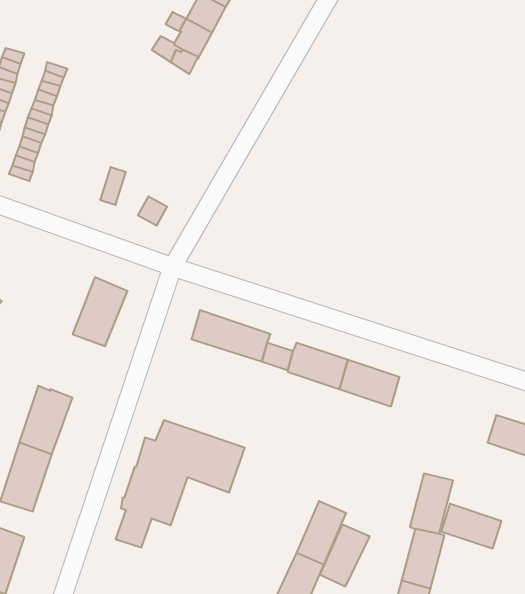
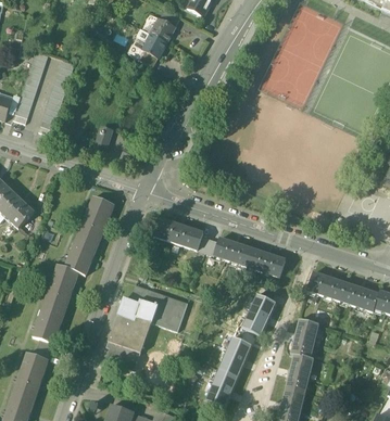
building: none -> [64,231,99,273]
building: [441,504,501,549] -> [307,271,345,299]
building: [320,524,370,586] -> [243,294,275,333]

